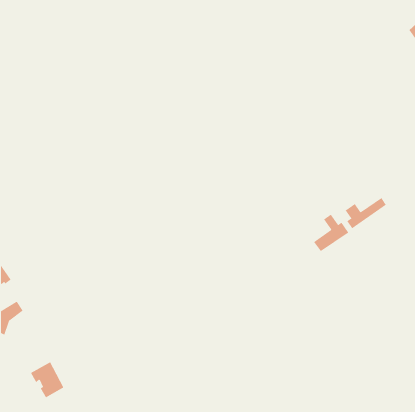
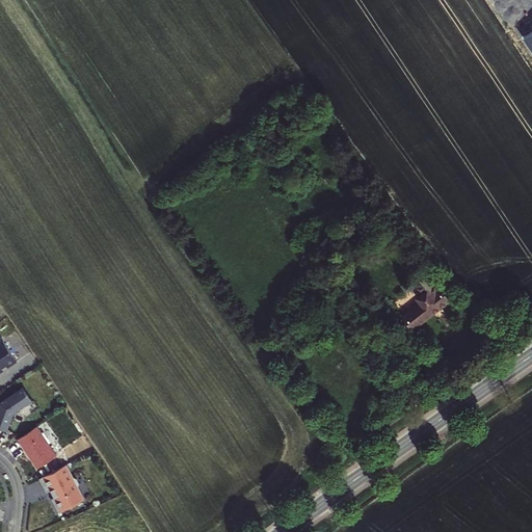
building: [345,197,386,229] -> none
building: none -> [16,429,55,471]

